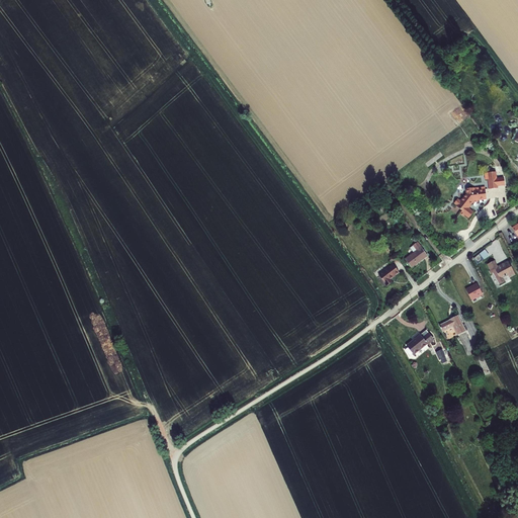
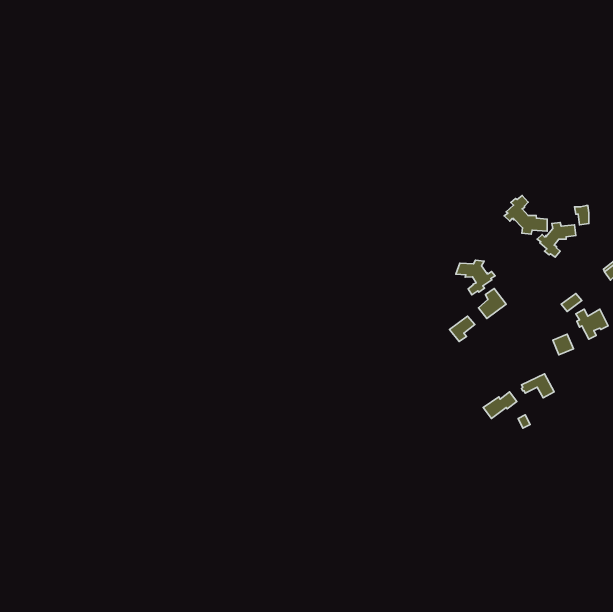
building: none -> [504,196,547,234]
building: none -> [456,260,495,295]

